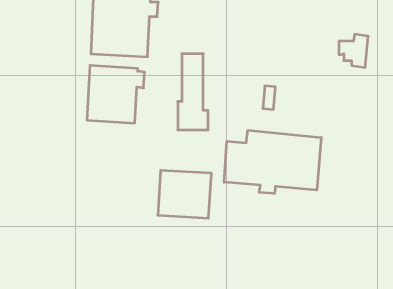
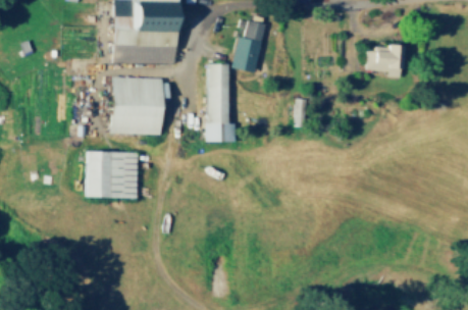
building: none -> [233,19,267,70]
building: [224,130,321,194] -> none
building: [158,170,211,218] -> [85,150,141,200]

